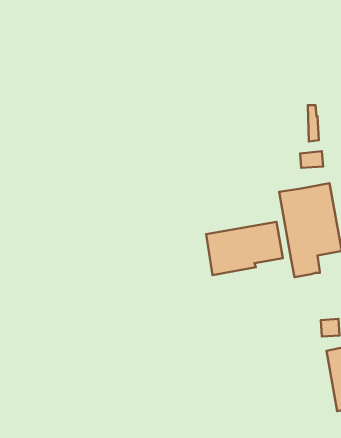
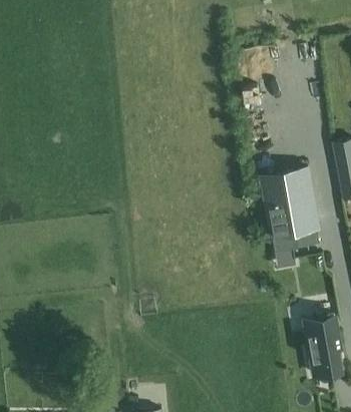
building: [206,222,283,275] -> none

